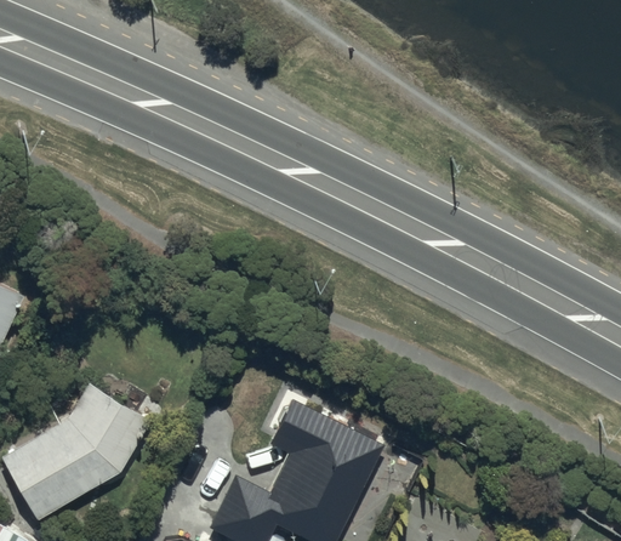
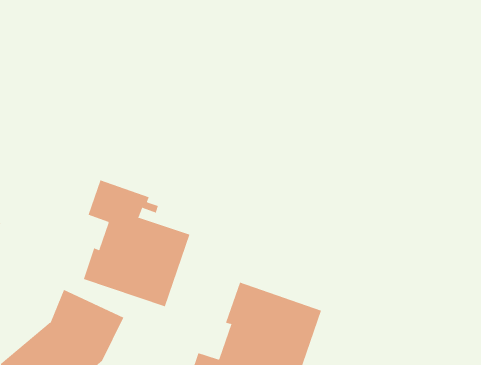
building: none -> [83,179,190,307]

